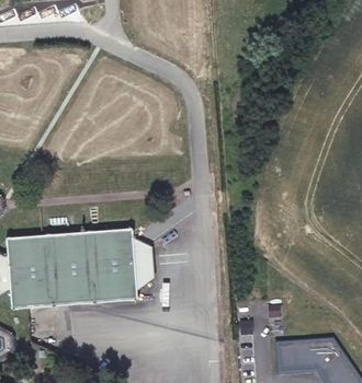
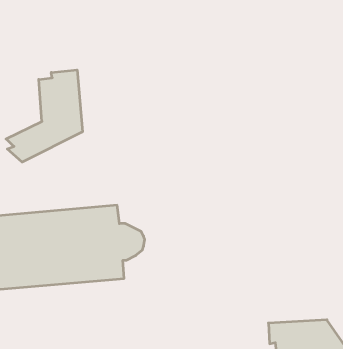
building: none -> [6,70,82,162]

